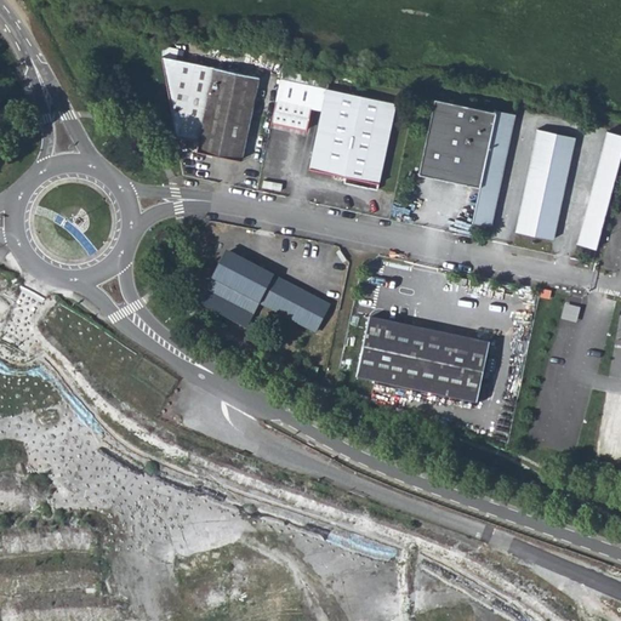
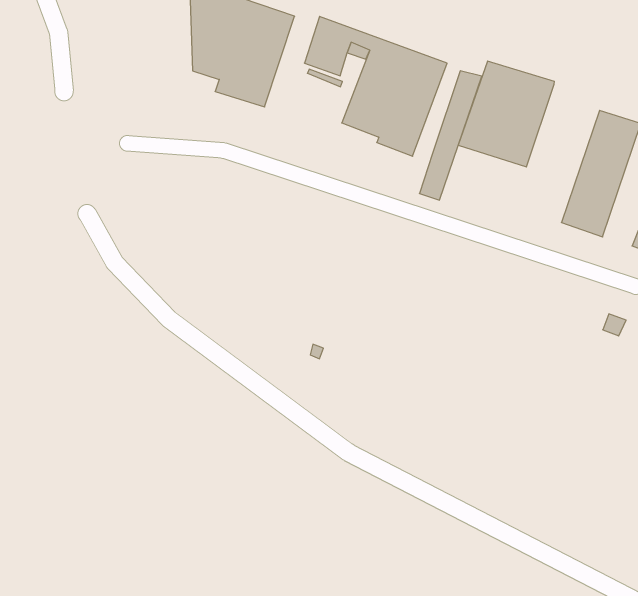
building: [471,110,513,226] -> [419,71,482,200]
building: [207,251,331,331] -> none
building: [357,319,490,405] -> none

